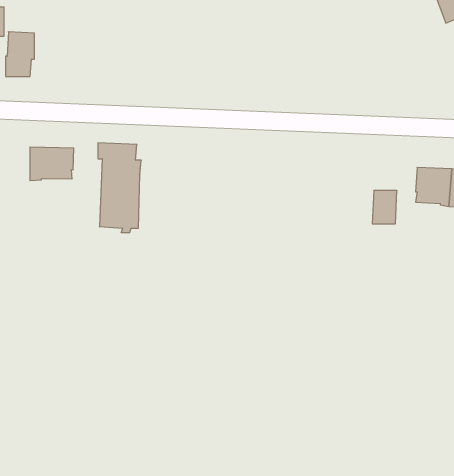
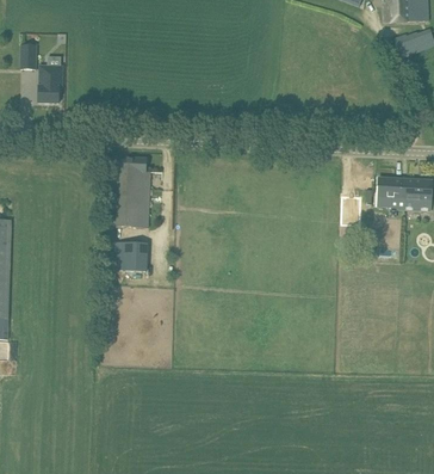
building: [30,147,73,181] -> none
building: none -> [114,241,148,270]

